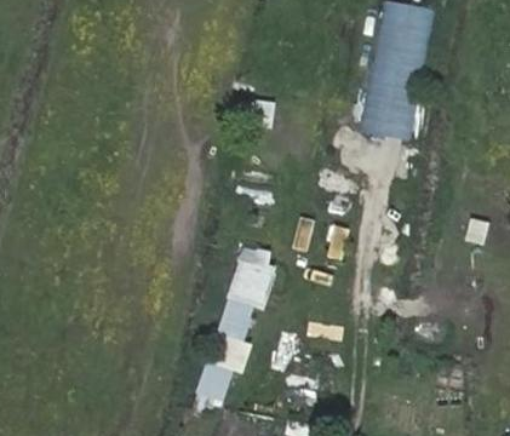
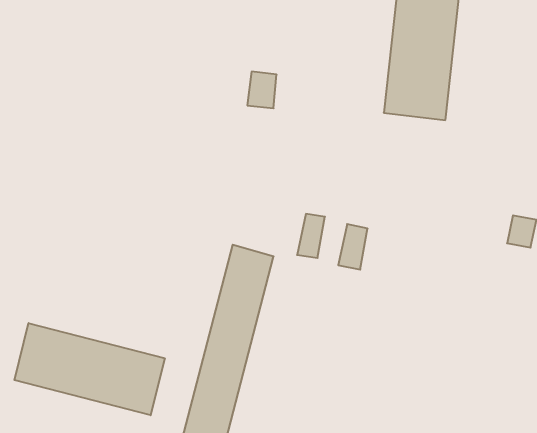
building: none -> [14,323,165,415]

